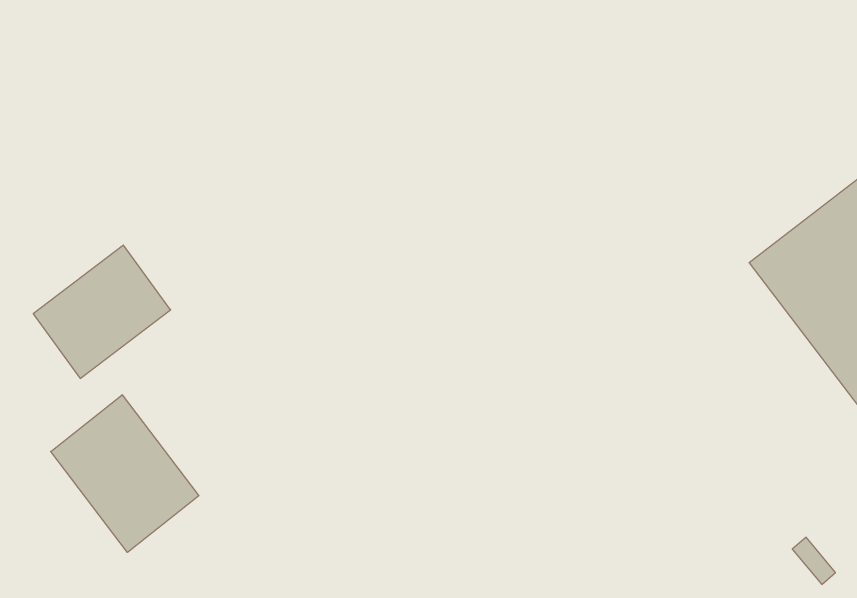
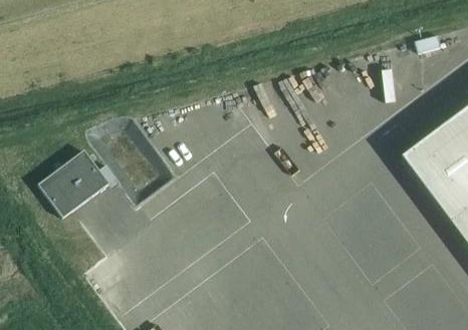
building: [51,395,199,552] -> none

